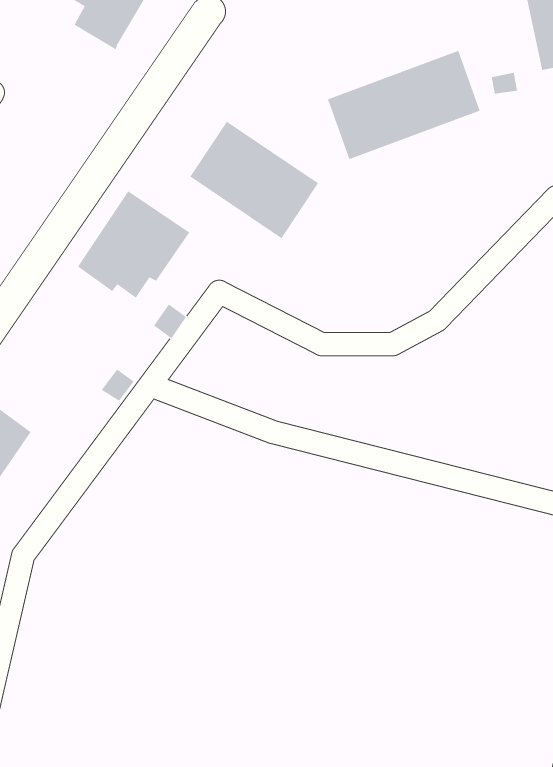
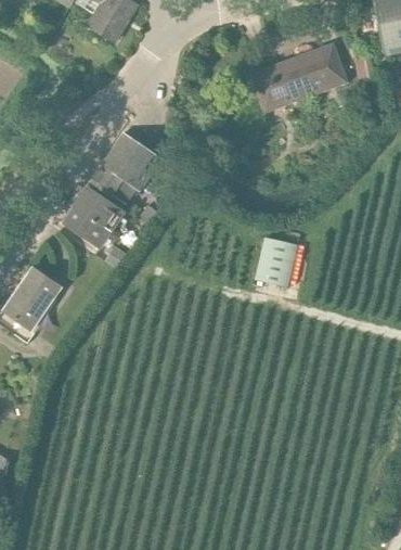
building: [190,121,319,239] -> none
building: none -> [63,186,125,246]
building: none -> [255,236,298,286]

